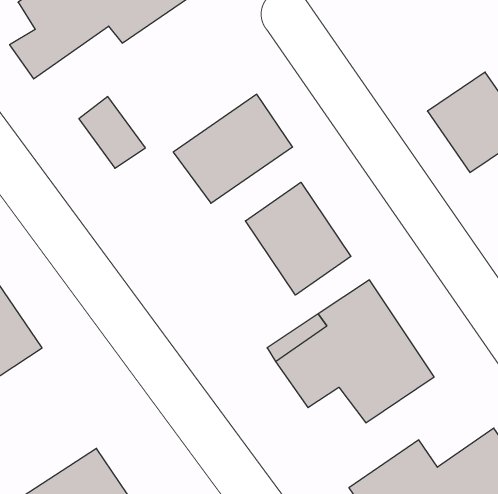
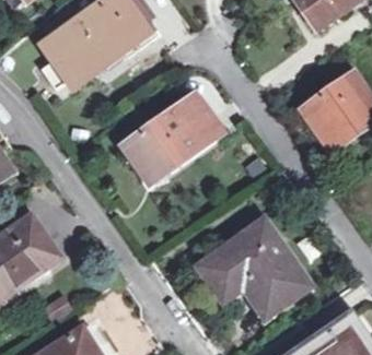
building: [79,97,145,168] -> [123,135,165,181]
building: [245,182,351,295] -> none

